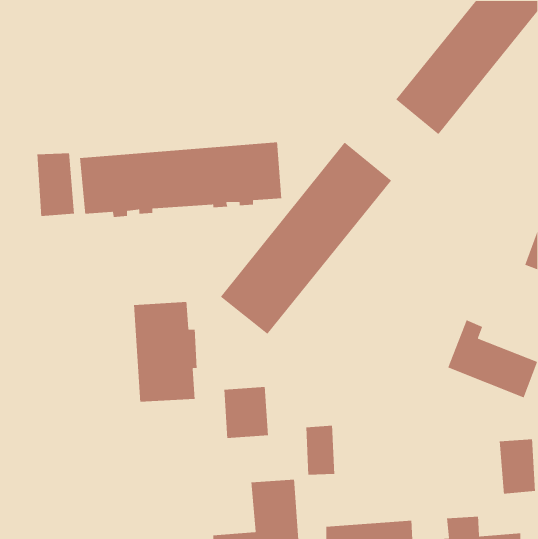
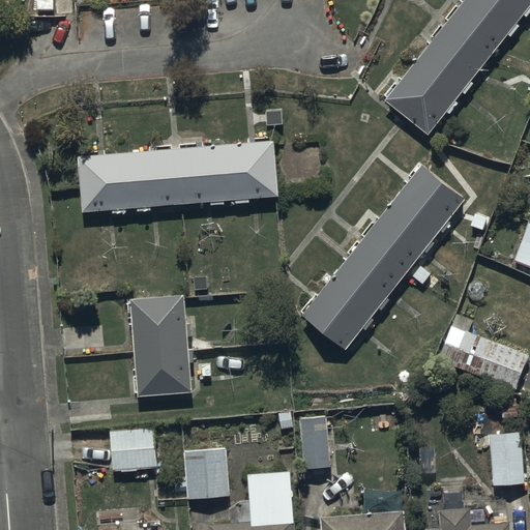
building: [220,142,392,335] -> [298,163,467,352]
building: [36,153,75,217] -> none
building: [223,386,269,439] -> [182,447,227,499]
building: none -> [108,428,154,482]

